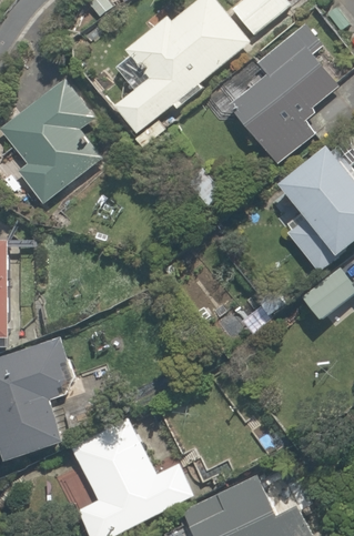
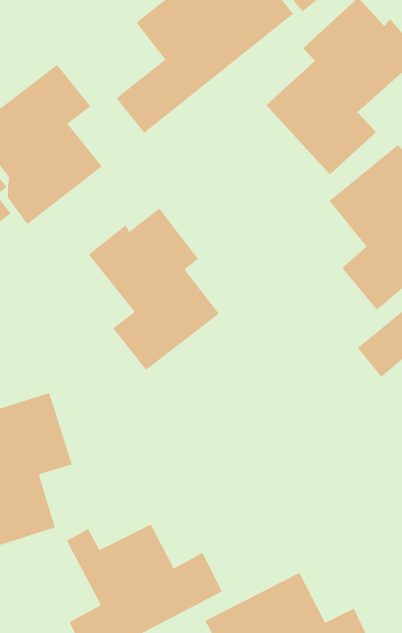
building: none -> [88,208,220,371]

